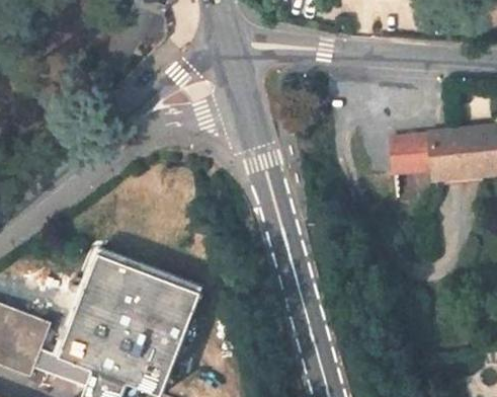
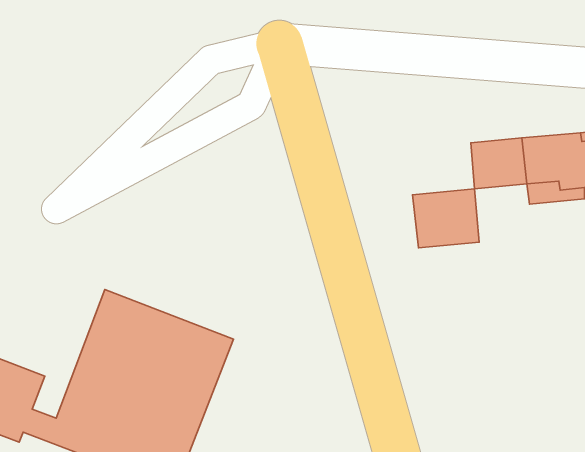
building: none -> [412,189,479,248]

